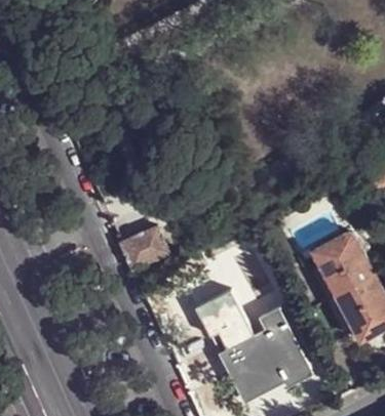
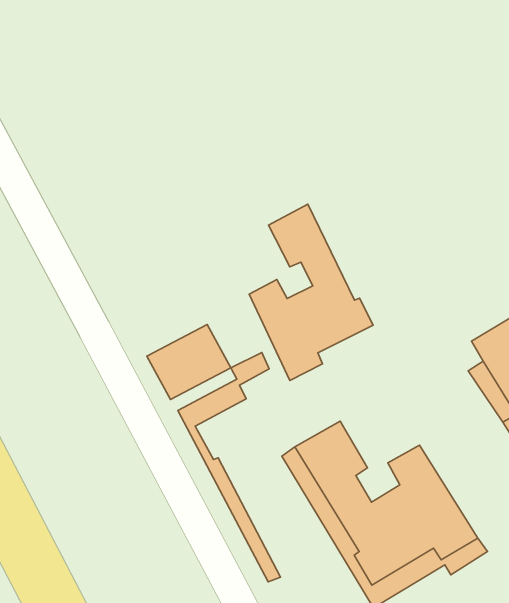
building: none -> [249,204,373,380]
building: none -> [178,353,280,582]

